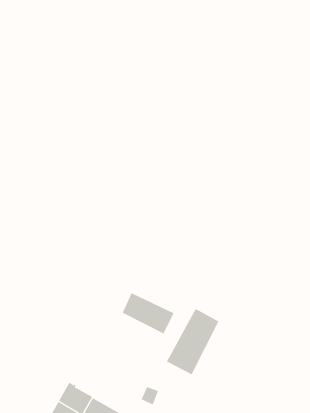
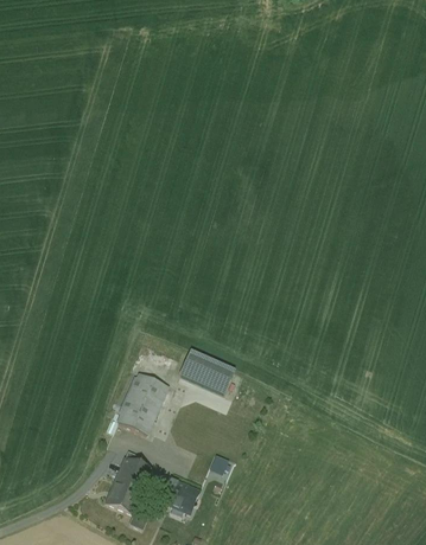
building: [166,308,219,375] -> none
building: none -> [117,373,167,435]

